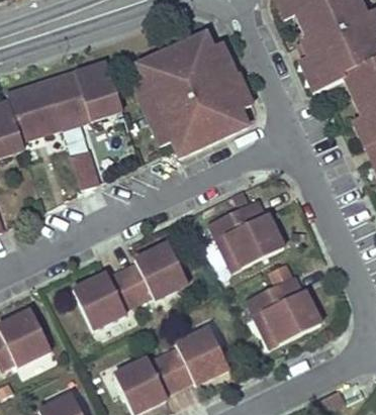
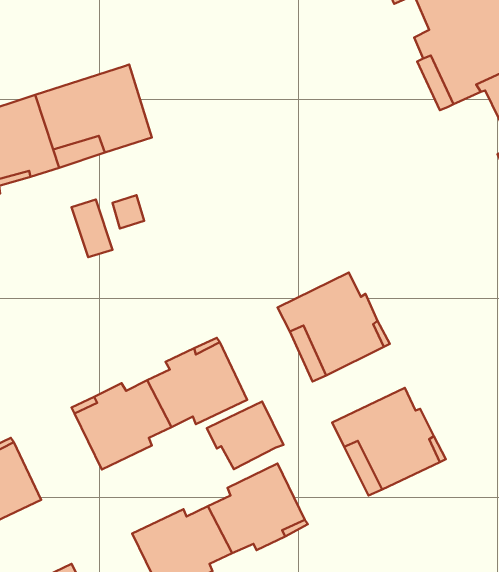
building: [135,32,246,157] -> none
building: none -> [207,402,283,469]

